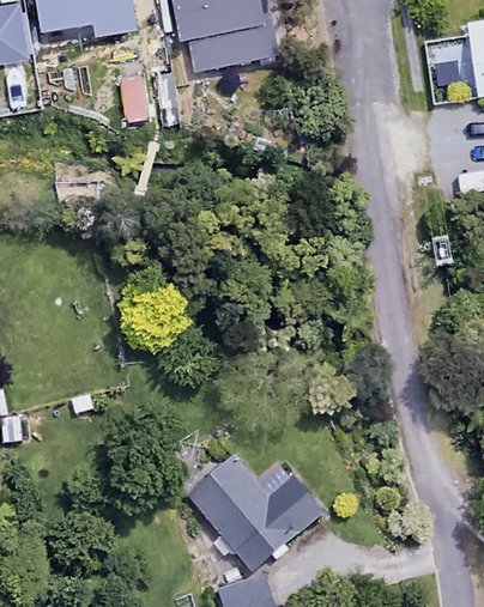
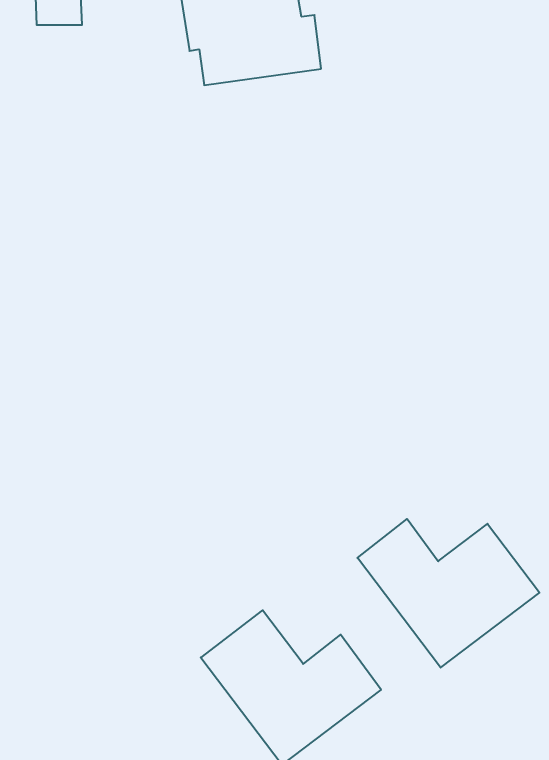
building: none -> [357,519,539,668]

